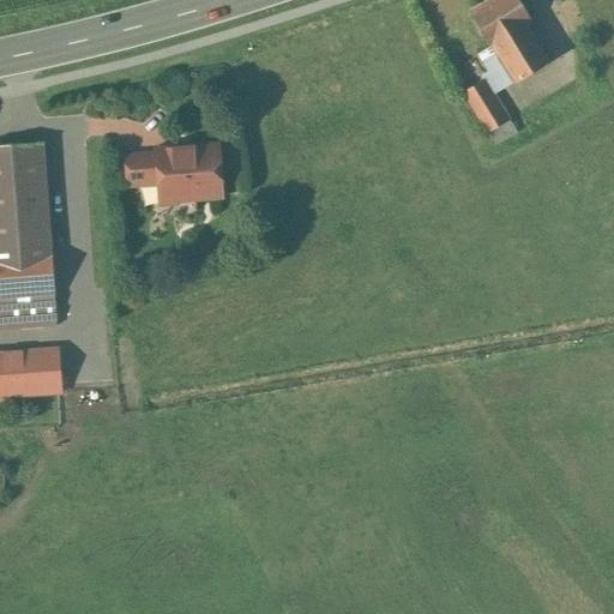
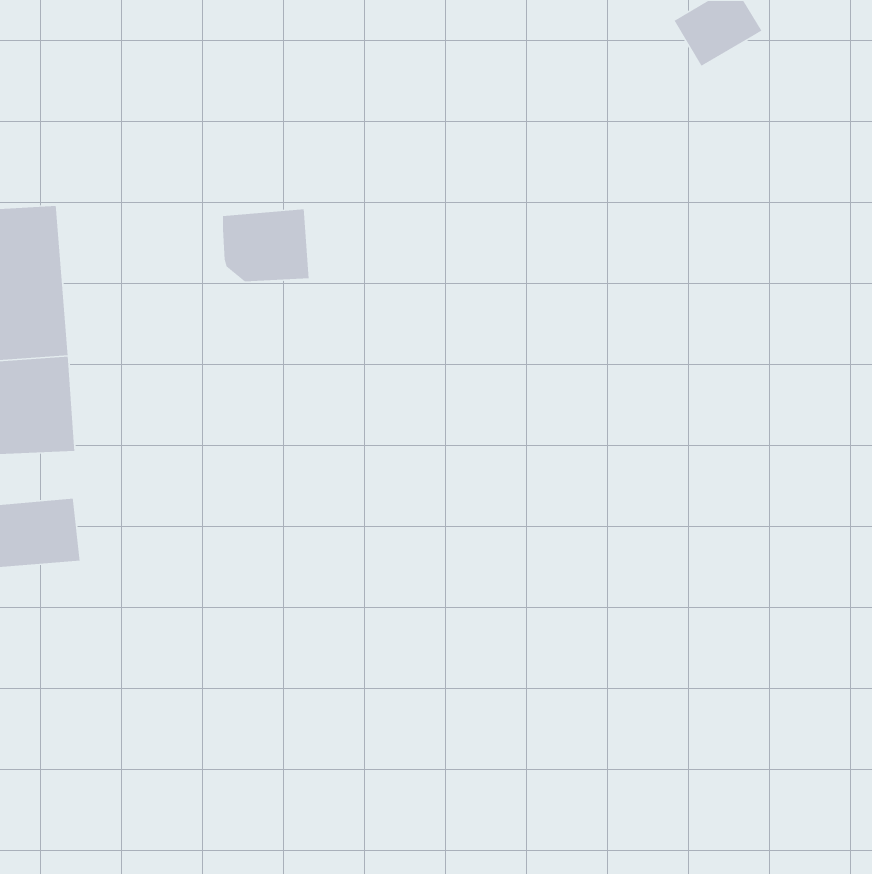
building: [494,25,550,83] -> none
building: [463,78,516,140] -> none
building: [124,155,157,185] -> none

